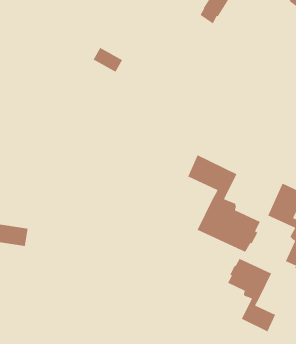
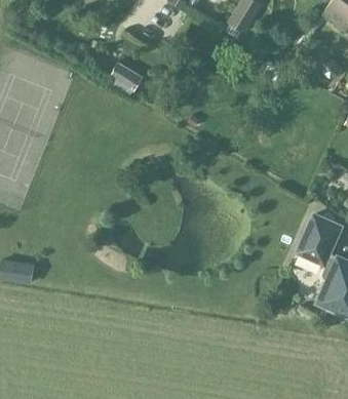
building: [187,154,261,253] -> none
building: [227,258,276,332] -> none

